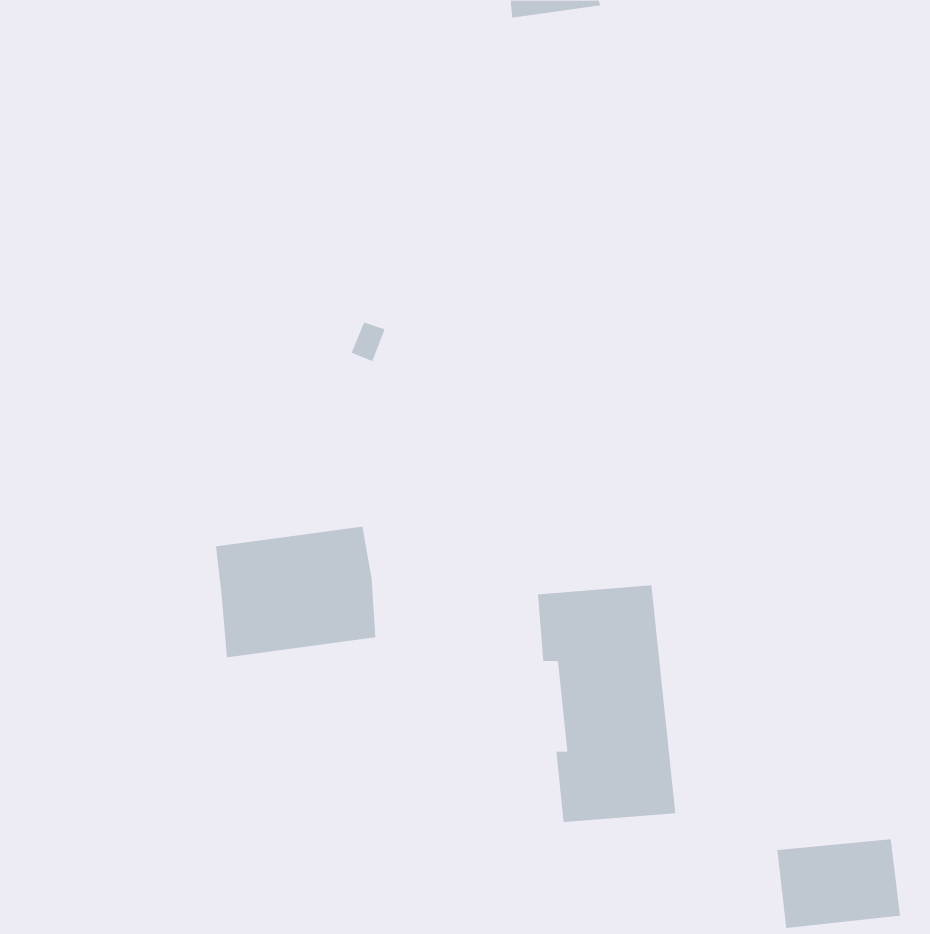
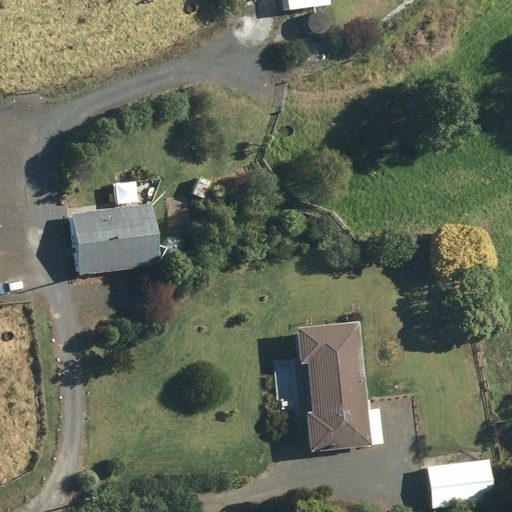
building: [215,526,376,658] -> [70,202,158,274]

